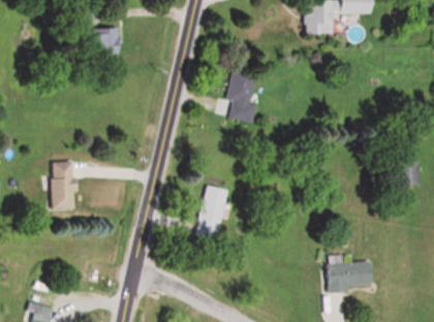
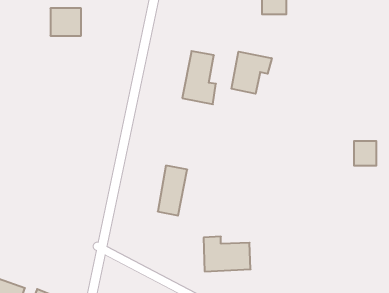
building: none -> [231,52,272,94]
building: [50,162,74,210] -> none
building: [327,255,374,290] -> [204,237,251,271]

